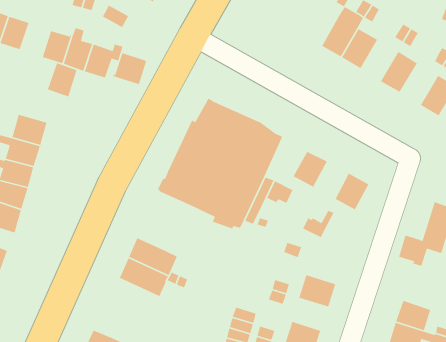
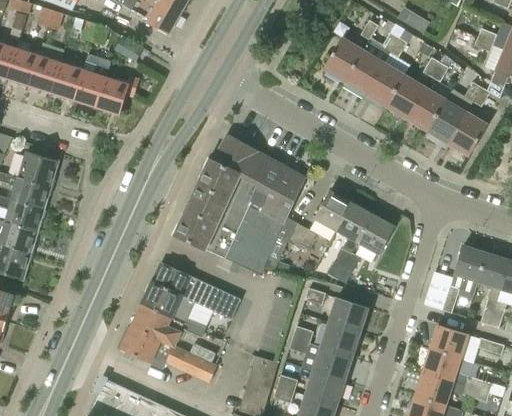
building: none -> [323,37,363,81]
building: none -> [387,74,426,118]
building: [112,52,147,85] -> none
building: [47,62,77,97] -> [28,56,60,93]
building: none -> [428,99,468,143]
building: none -> [336,202,374,266]
building: none -> [151,262,241,319]
building: none -> [329,296,369,331]
building: none -> [431,323,469,358]
building: none -> [120,325,217,382]
building: none -> [314,346,353,380]

